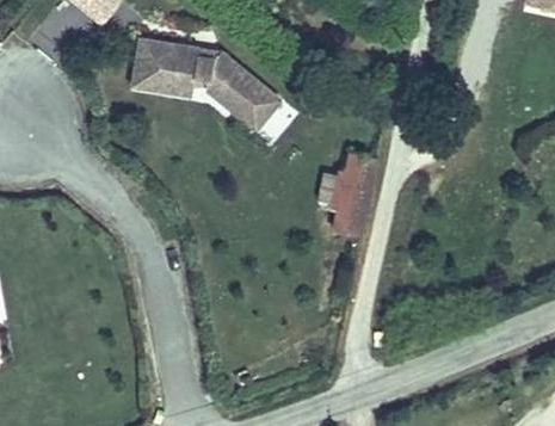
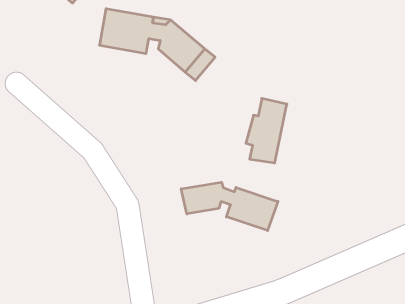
building: none -> [181,182,278,231]

